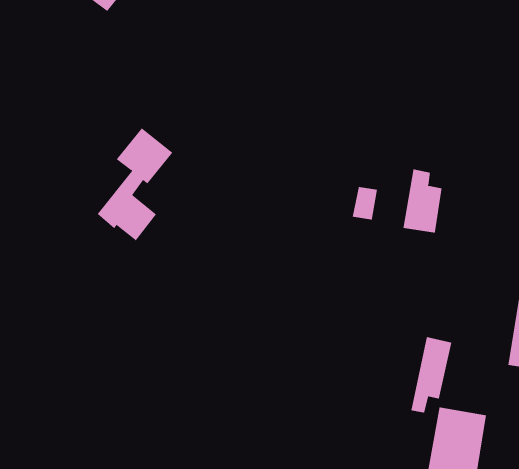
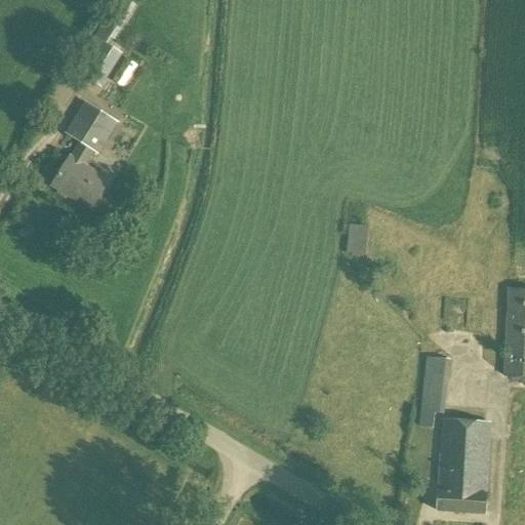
building: [97,127,173,241] -> [53,100,118,206]
building: [403,169,442,234] -> none

